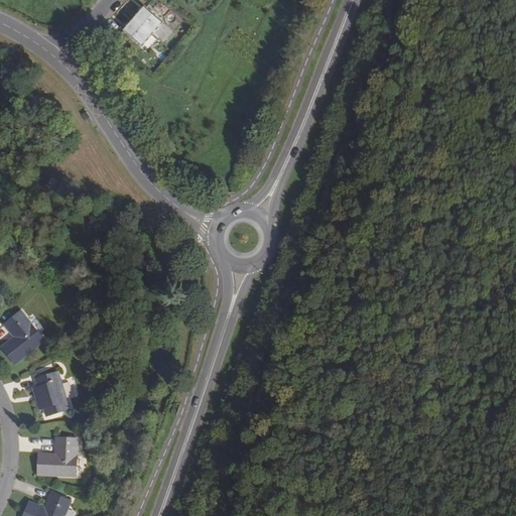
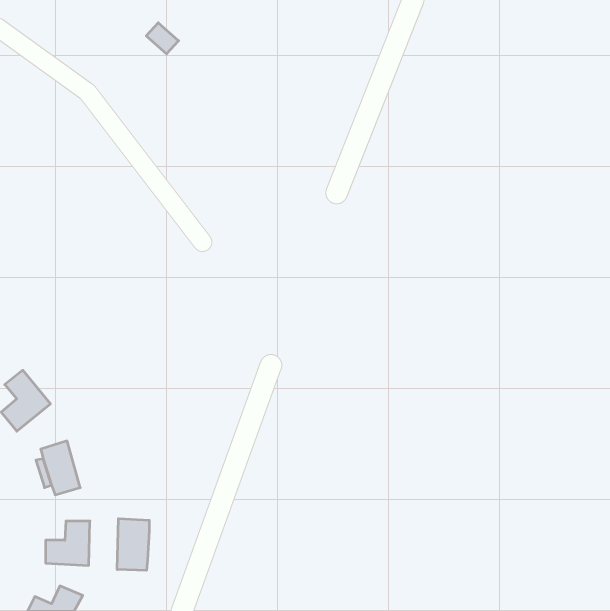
building: [133,7,160,34] -> none
building: none -> [117,519,149,570]

